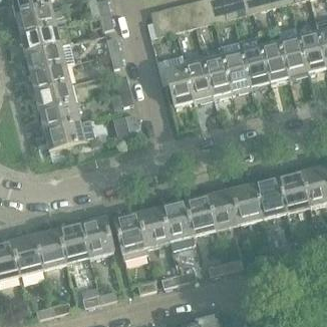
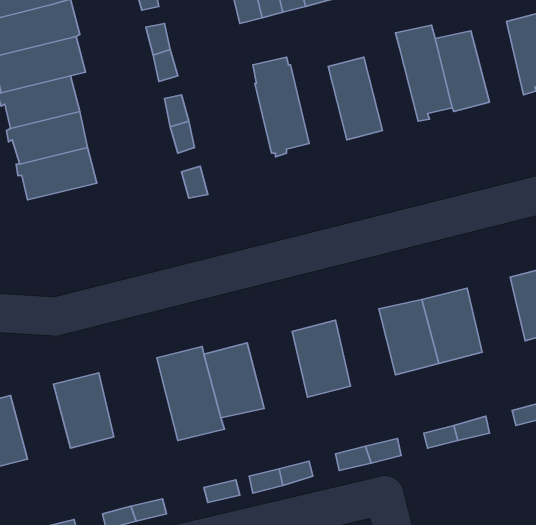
building: [280,35,308,78] -> none
building: [223,49,252,93] -> none
building: [184,53,214,102] -> none
building: [41,118,95,149] -> none
building: [278,172,309,212] -> none
building: [208,189,240,230] -> none
building: [160,201,193,242] -> none
building: [81,217,113,257] -> none
building: [34,229,66,269] -> none

